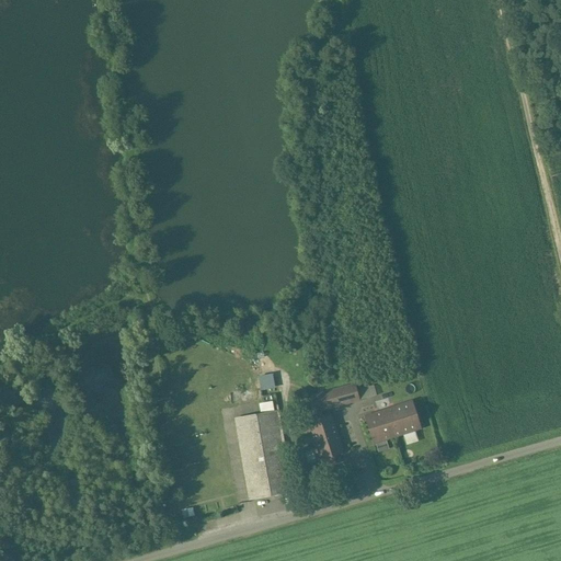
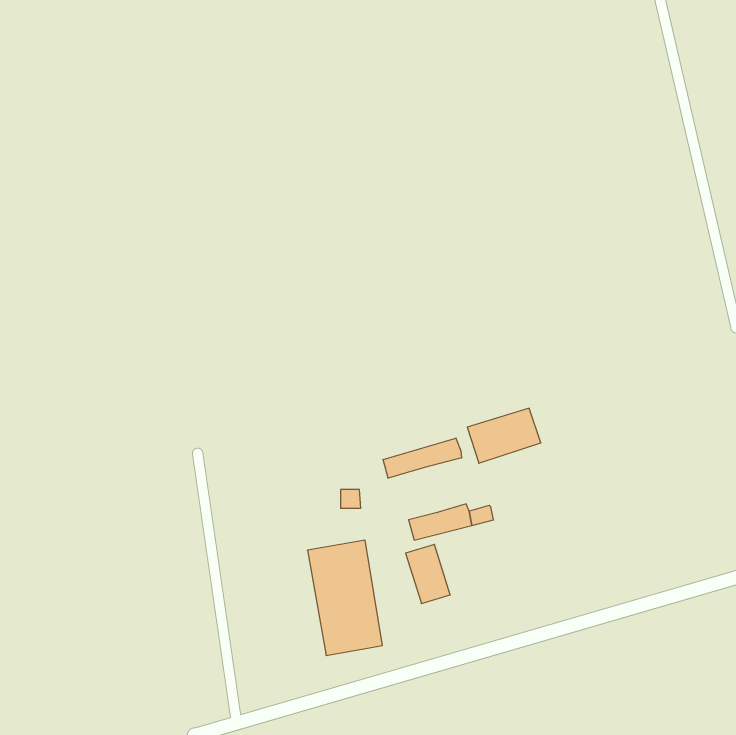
building: none -> [383,438,462,478]
building: [364,400,420,442] -> [467,408,541,463]

